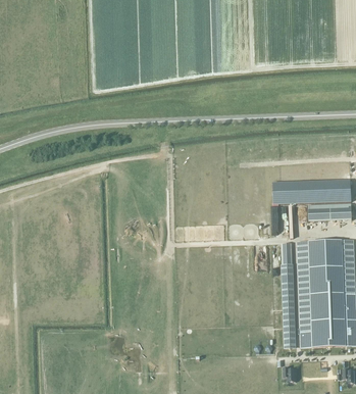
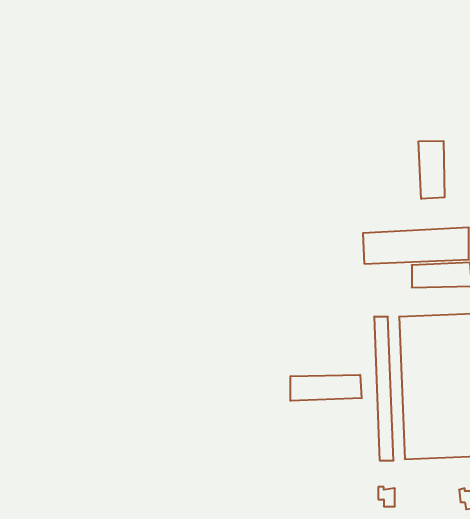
building: none -> [419,141,445,199]
building: none -> [291,375,362,401]

